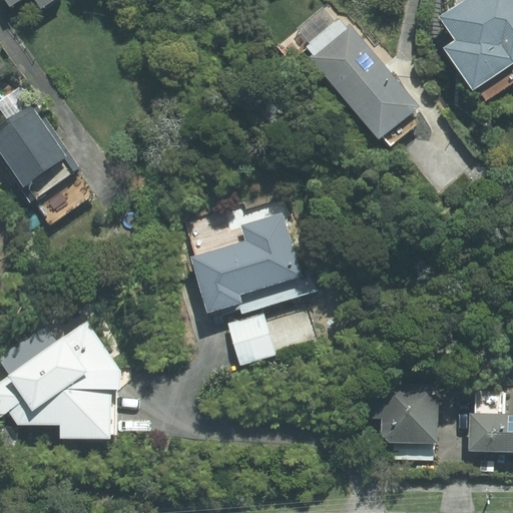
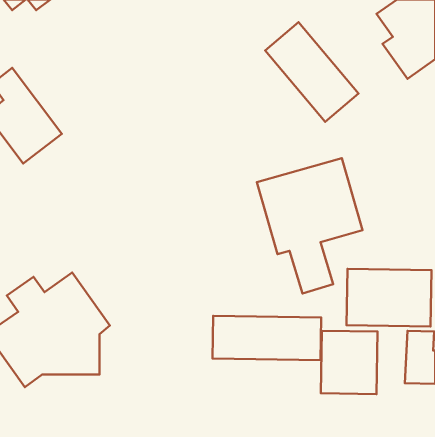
building: [184,206,308,365] -> [257,158,362,294]
building: none -> [347,269,431,326]
building: none -> [213,316,321,360]

